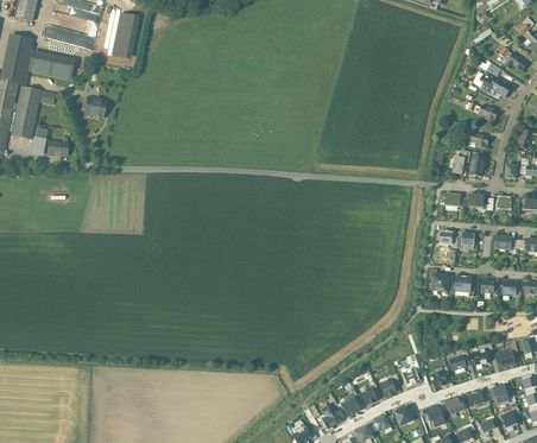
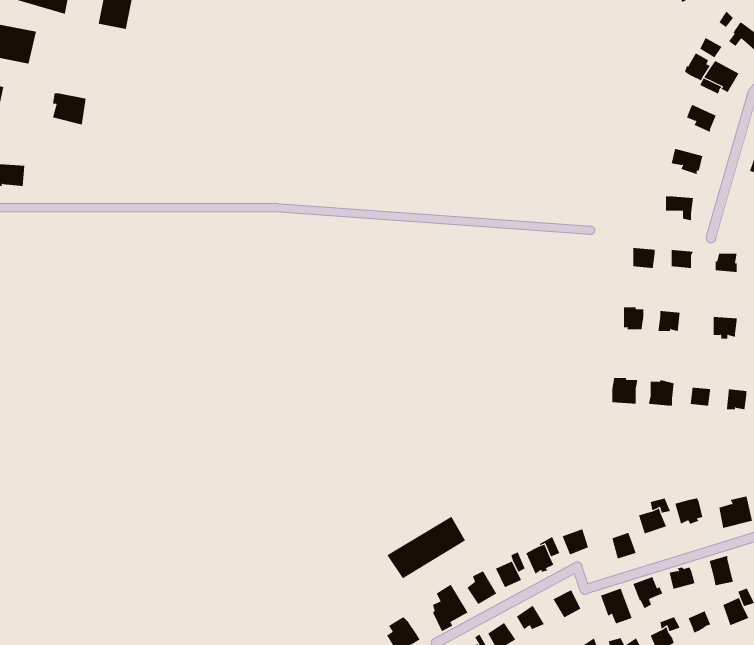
building: none -> [387,516,466,579]

